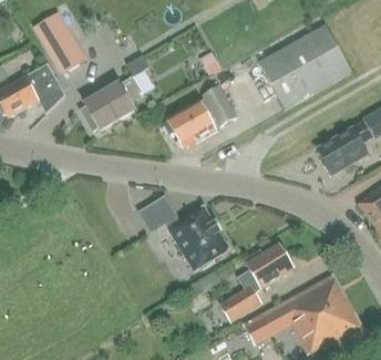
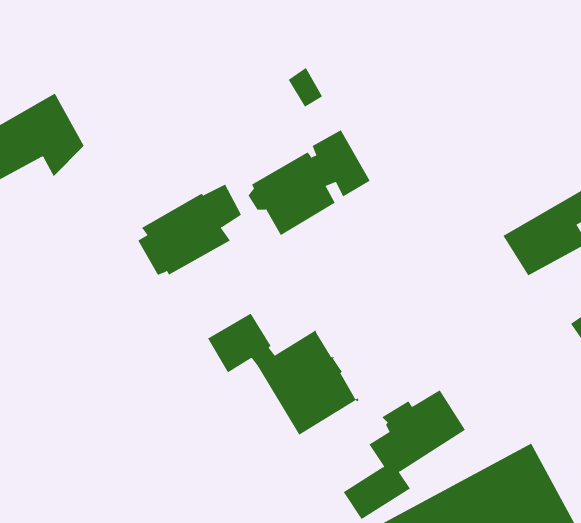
building: [33,11,86,72] -> none
building: [258,23,351,109] -> none
building: [80,75,143,131] -> [137,184,242,275]

